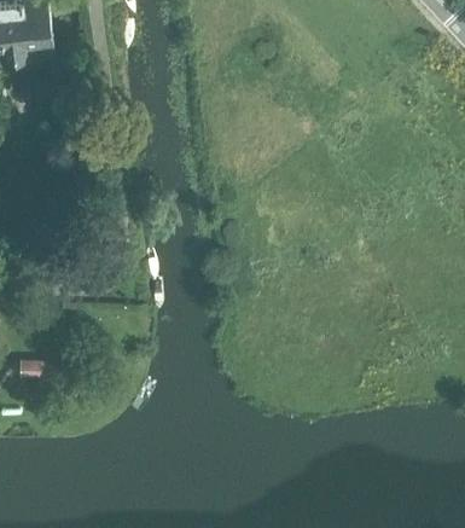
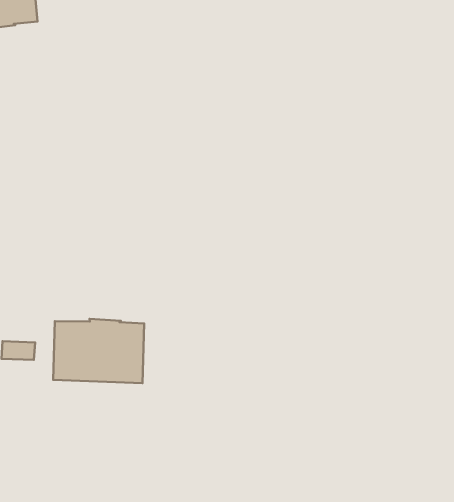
building: none -> [53,319,144,383]

